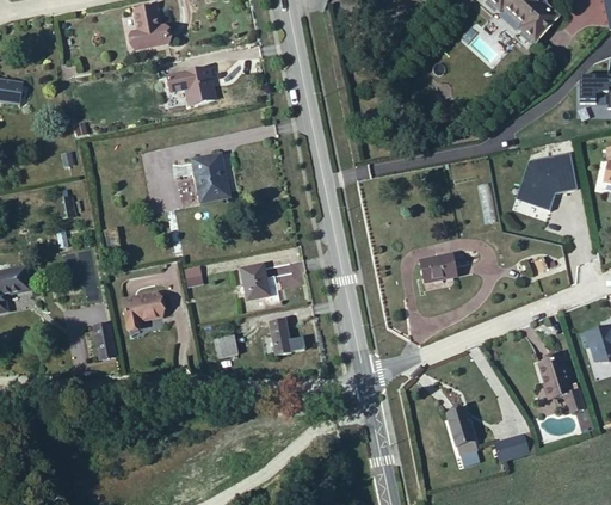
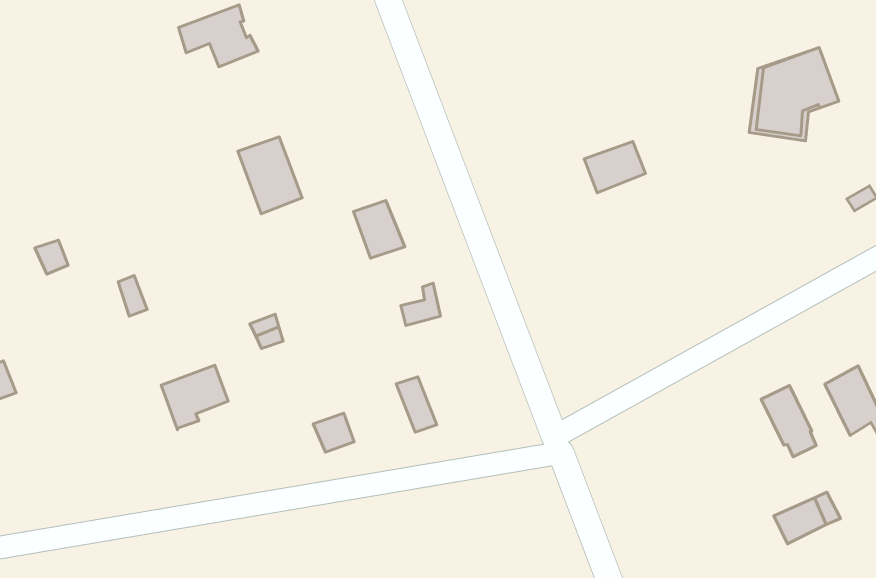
building: [419,254,456,283] -> [584,142,645,193]
building: [240,265,269,300] -> [354,201,405,258]
building: [92,324,115,359] -> none
building: [445,409,475,455] -> [761,385,816,457]

